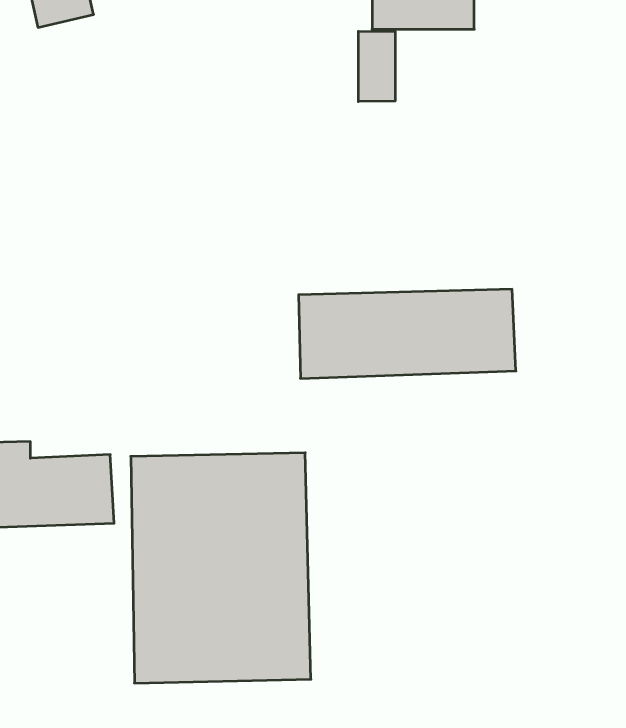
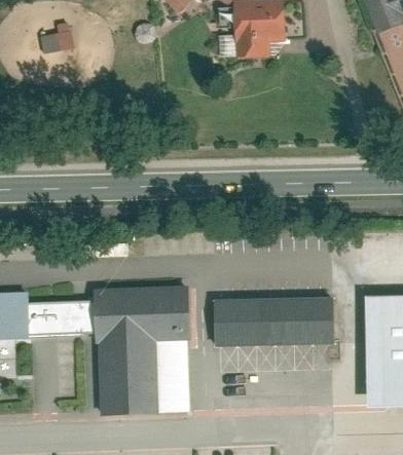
building: [358,31,395,102] -> none
building: [299,289,516,378] -> [225,300,345,349]

